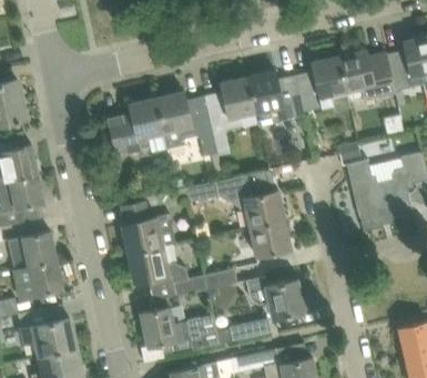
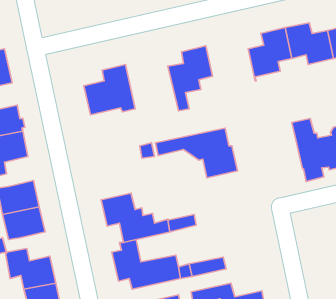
building: [247,70,304,123] -> none
building: [155,91,216,154] -> none
building: [121,202,175,253] -> none
building: [248,219,289,256] -> none
building: [245,275,304,319] -> none

